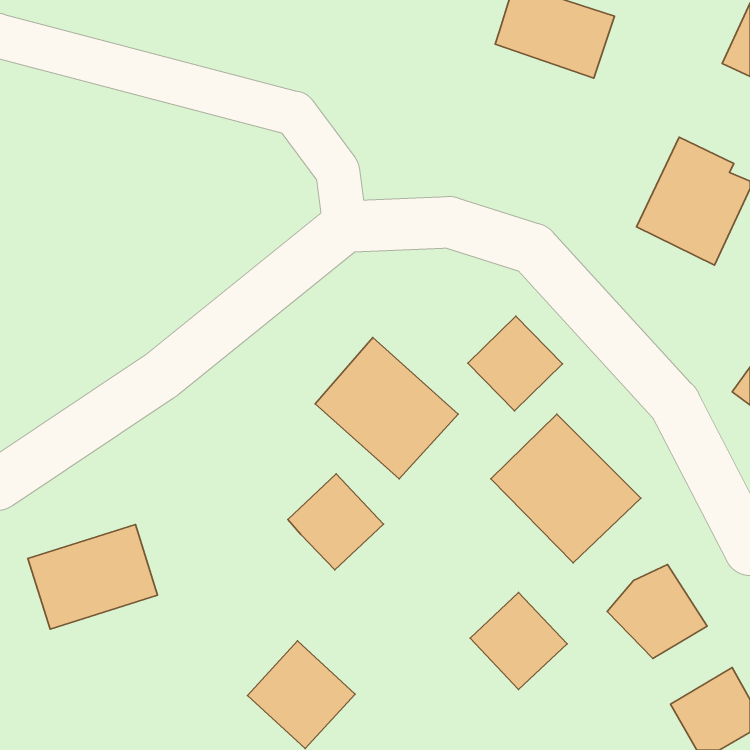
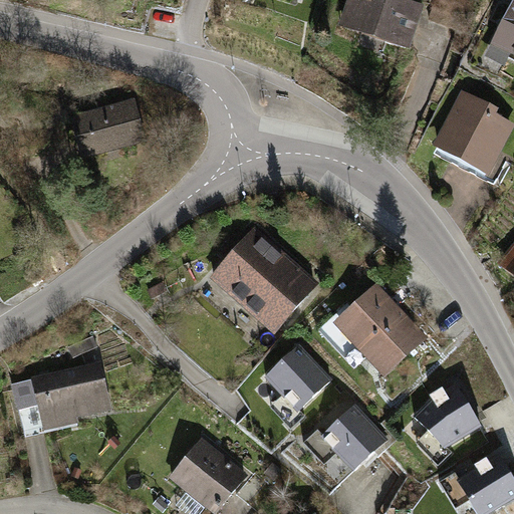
building: none -> [75,101,144,153]
building: [468,316,562,411] -> none
building: [288,474,383,570] -> [265,345,330,411]

